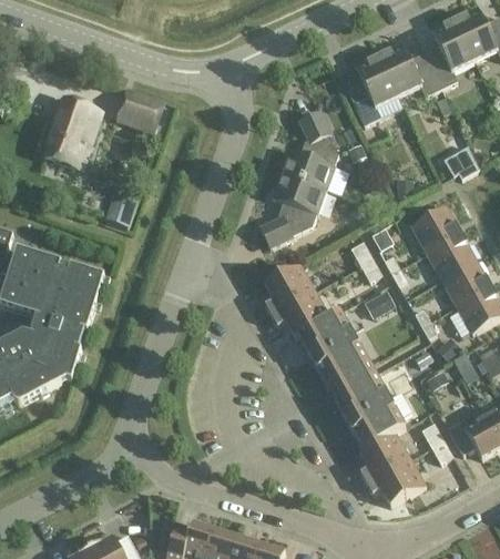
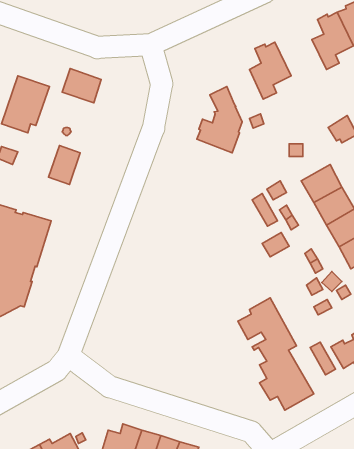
building: [378,41,441,96] -> none
building: [259,174,326,247] -> none
building: [264,263,373,388] -> none

